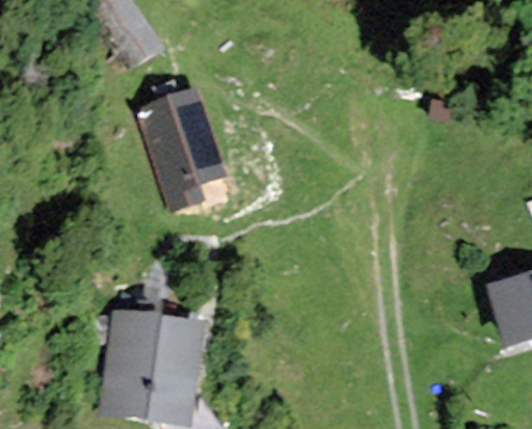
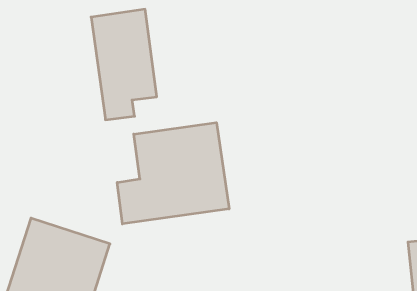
building: none -> [117,123,229,224]

